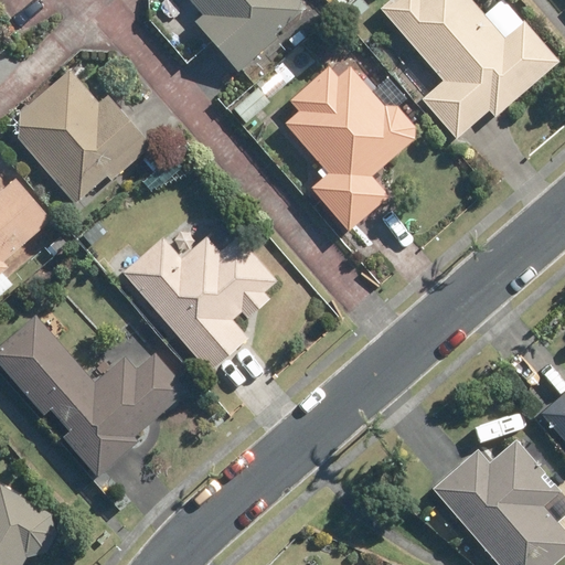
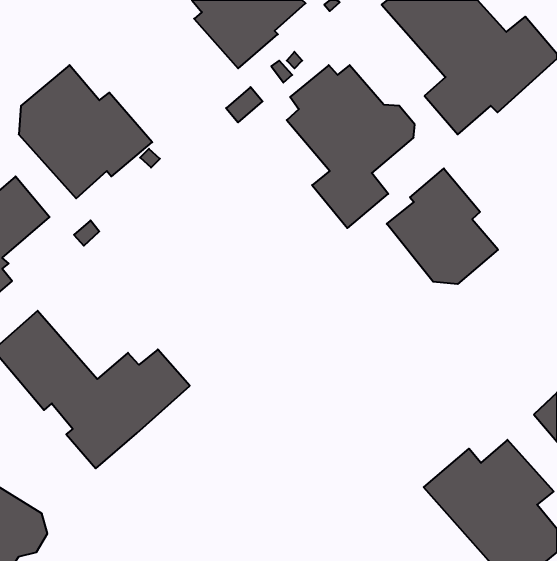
building: none -> [387,168,498,284]
building: [122,233,276,369] -> none

